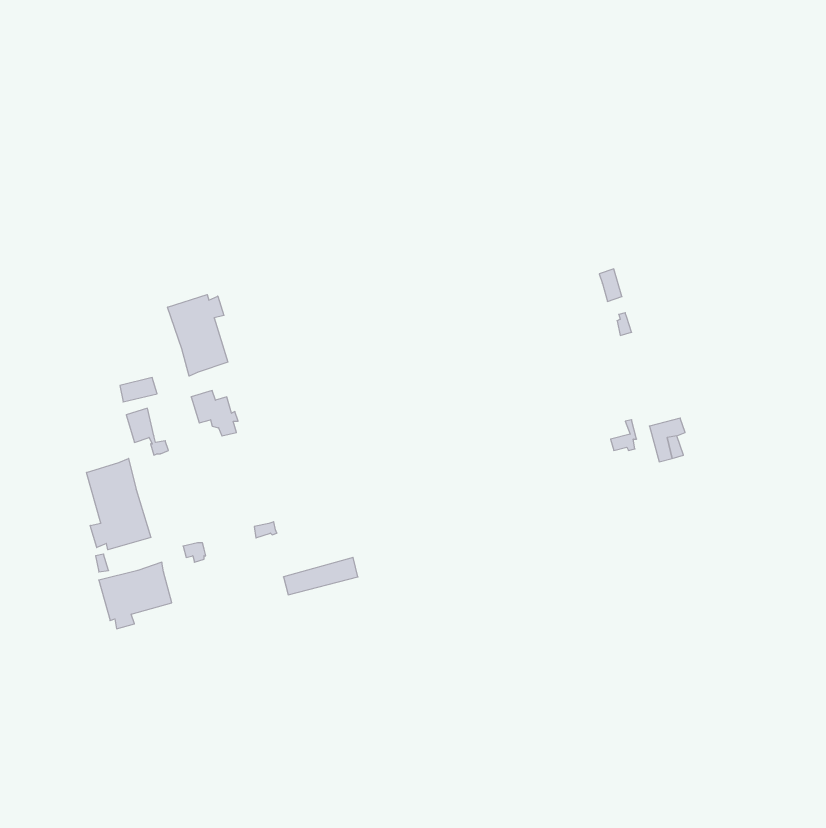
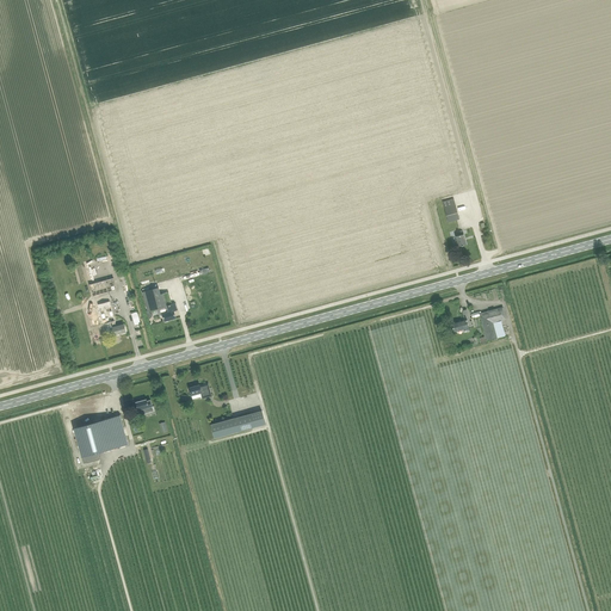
building: [168,295,228,376] -> none
building: [87,458,151,550] -> none

